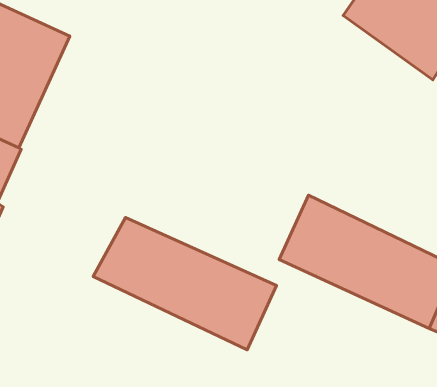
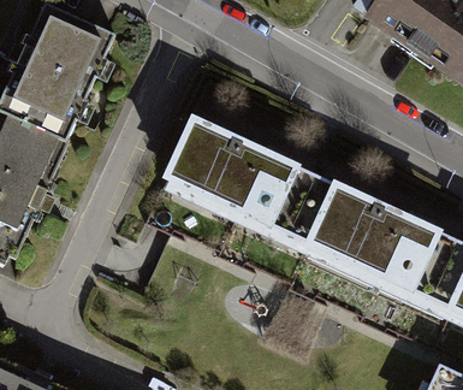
building: [93,218,277,350] -> [164,122,336,246]

